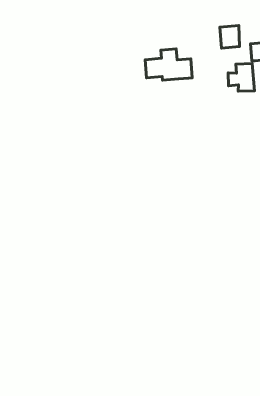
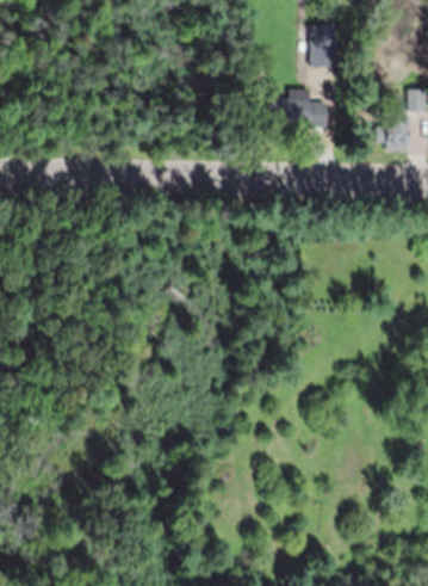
building: [220,26,240,48] -> [309,39,334,67]

